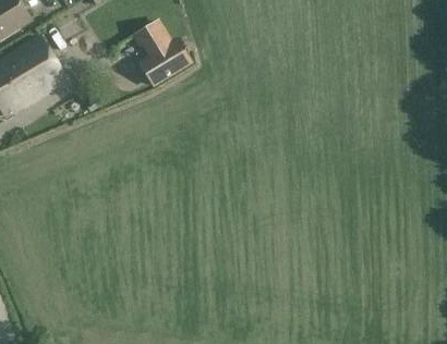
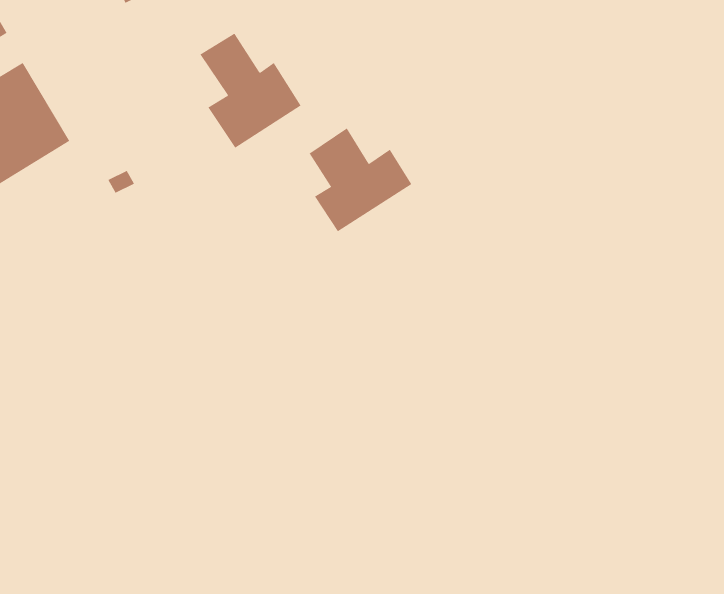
building: none -> [309,128,412,232]

